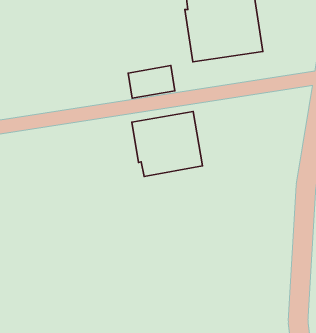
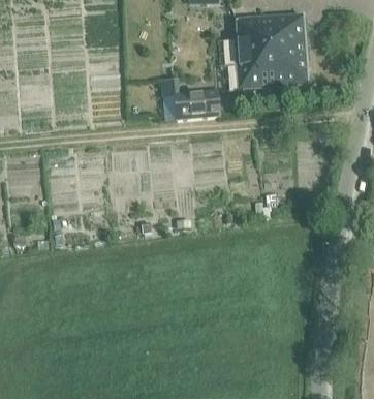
building: [132,112,202,176] -> none

